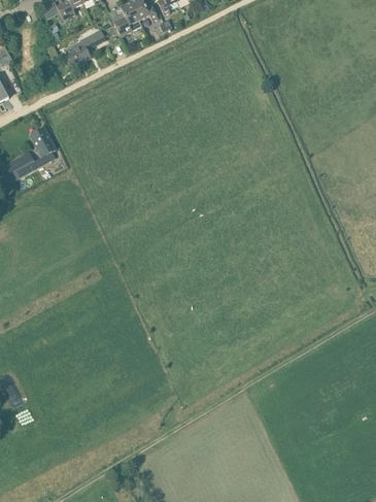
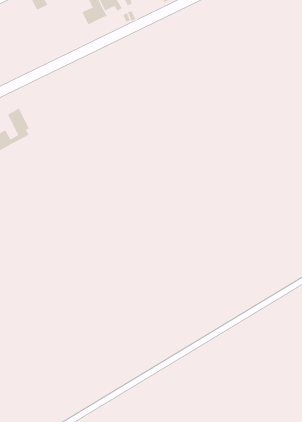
building: [63,29,105,66] -> none

